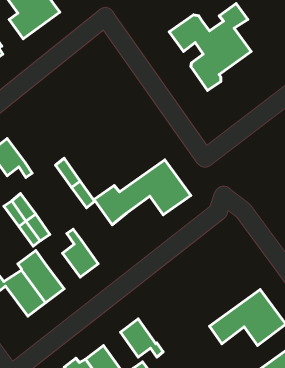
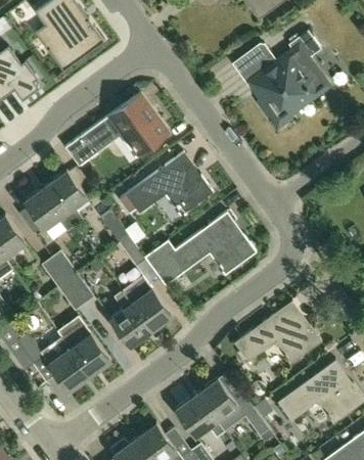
building: none -> [65,92,169,166]
building: none -> [125,151,212,215]
building: none -> [45,171,86,226]
building: none -> [121,275,171,330]
building: none -> [233,301,321,364]
building: none -> [195,378,270,435]

